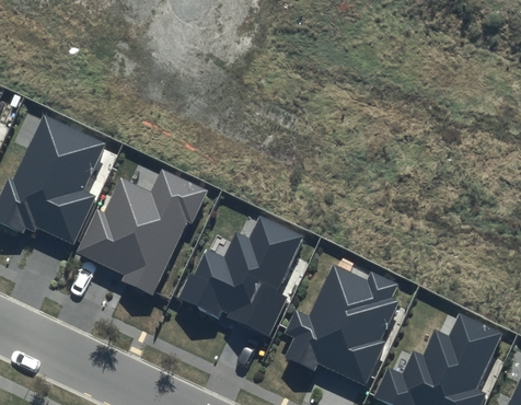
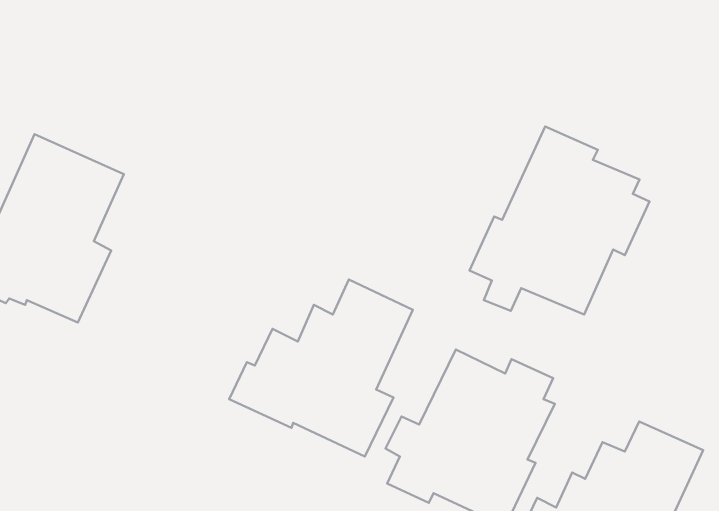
building: none -> [469,127,650,315]
building: [74,167,209,294] -> none

